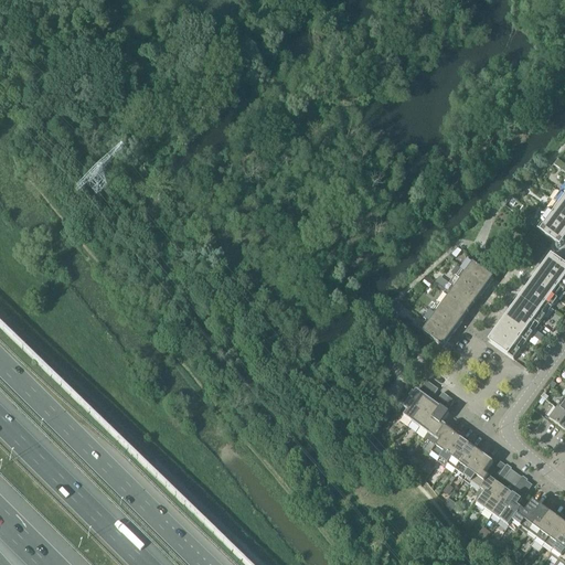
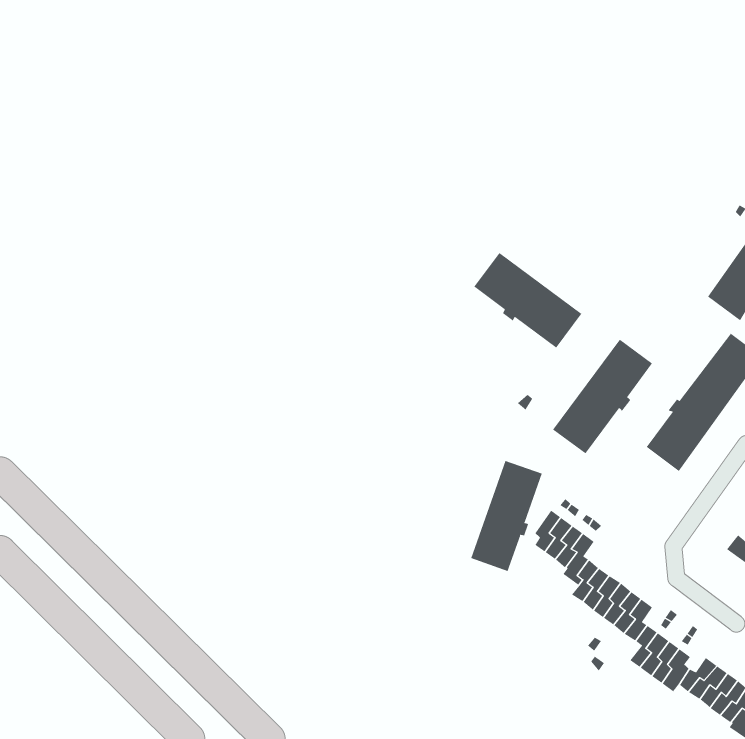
building: none -> [474,252,582,348]
building: none -> [470,460,543,572]

